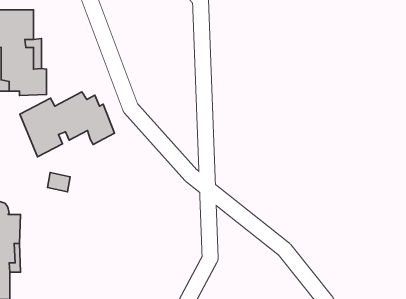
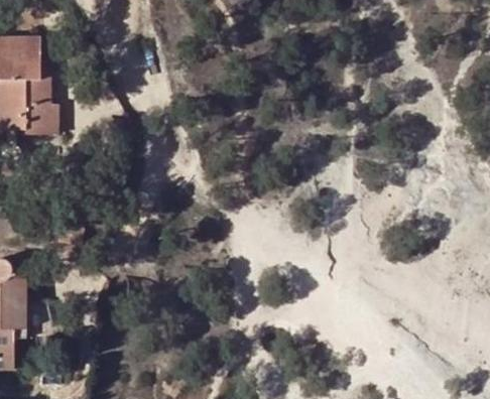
building: [20,92,114,157] -> none

